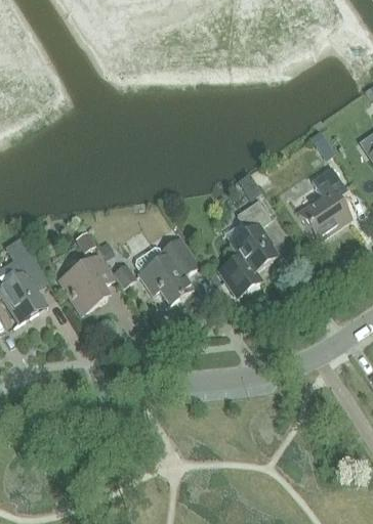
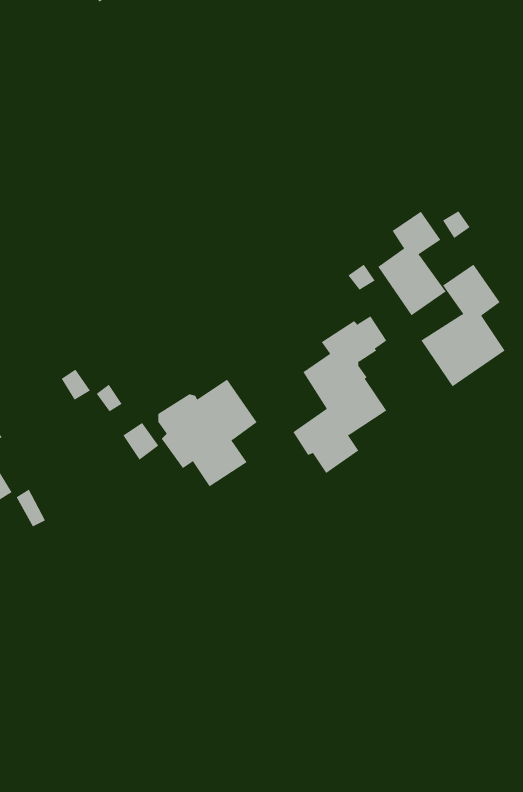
building: none -> [377,211,446,316]
building: [59,256,113,313] -> none

